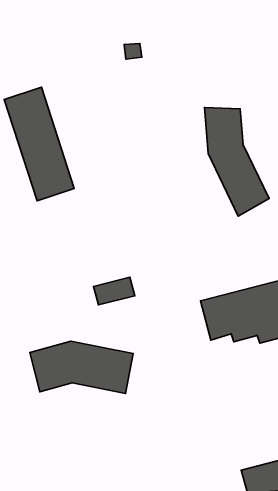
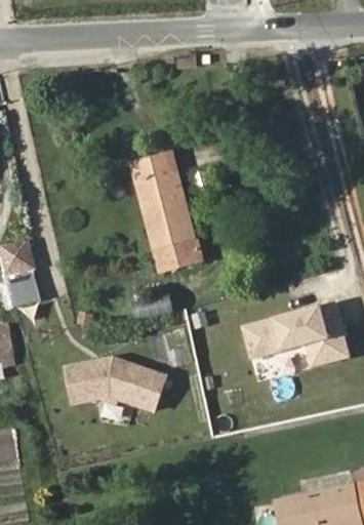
building: [4,87,74,201] -> [132,153,199,270]
building: [205,107,269,216] -> none

